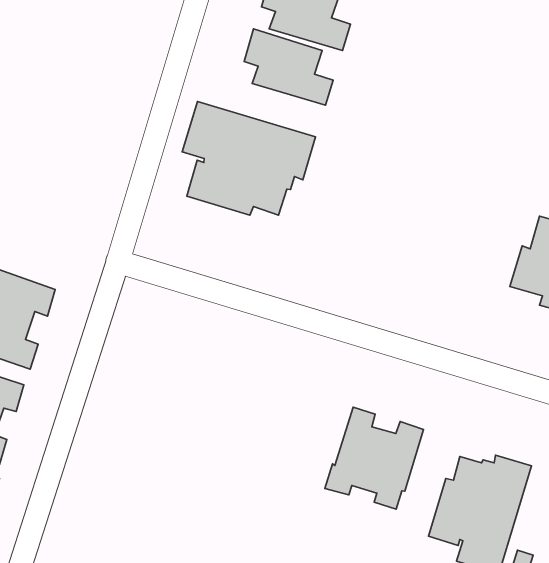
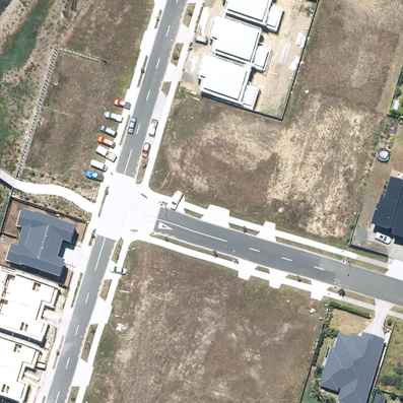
building: [182,102,316,215] -> none
building: [325,407,424,509] -> none

